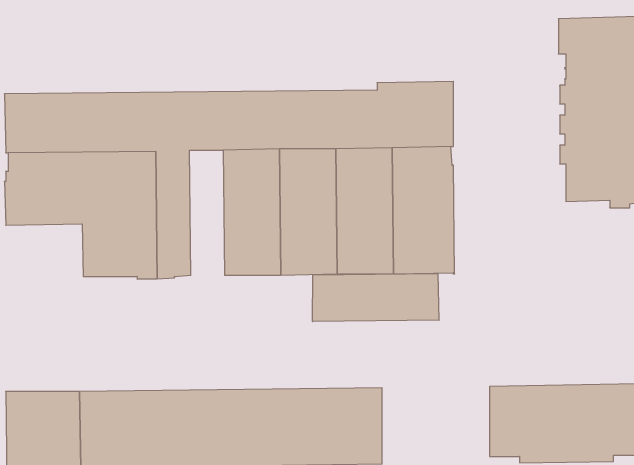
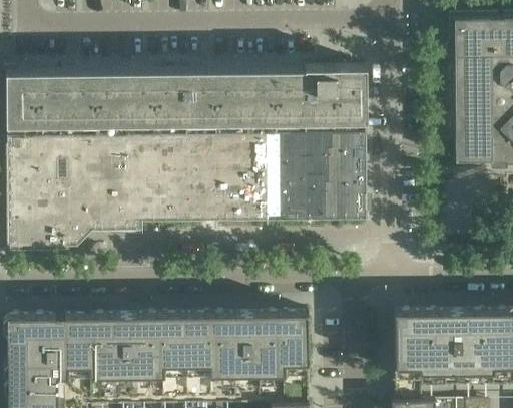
building: none -> [154,122,182,223]
building: none -> [7,181,69,254]
building: [313,274,439,322] -> none

